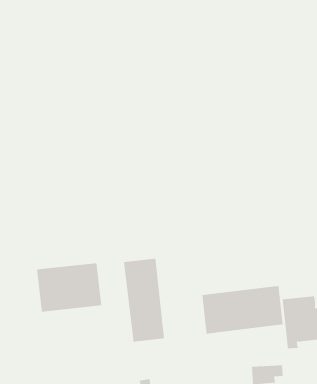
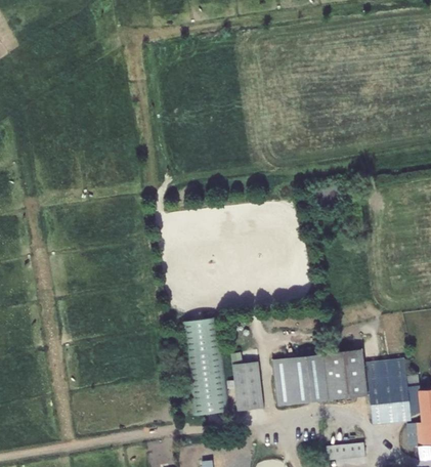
building: [36,262,102,312] -> none
building: none -> [232,363,263,411]

